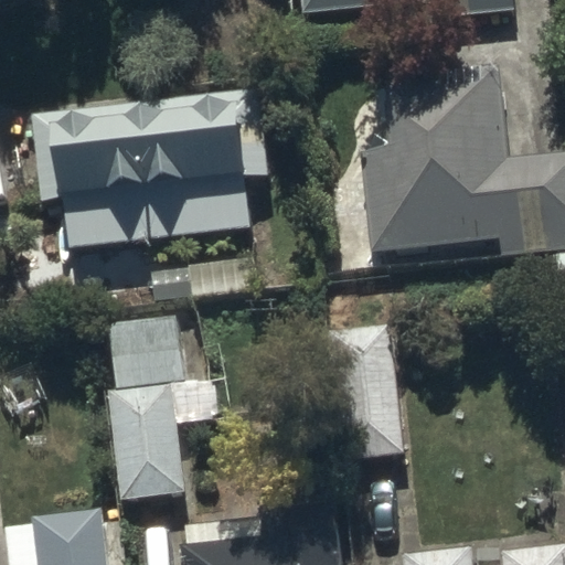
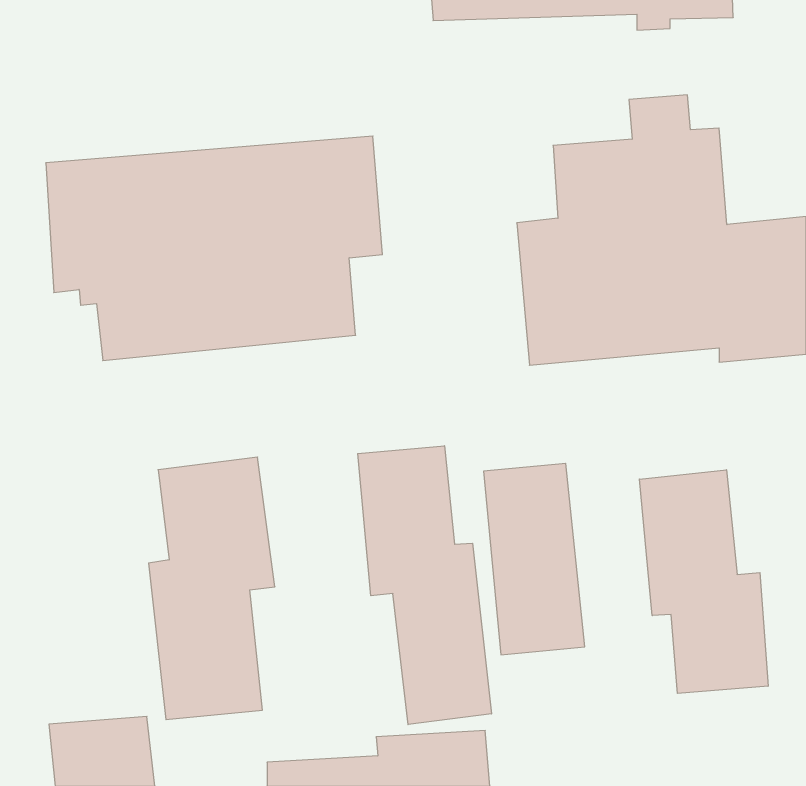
building: none -> [358,446,491,725]
building: none -> [639,470,768,693]

